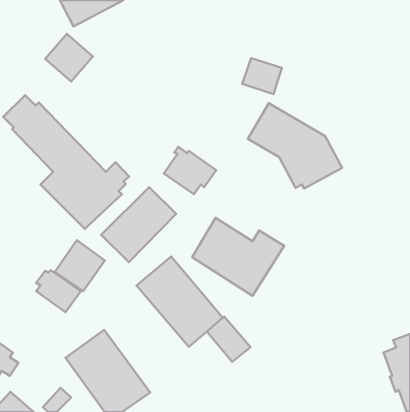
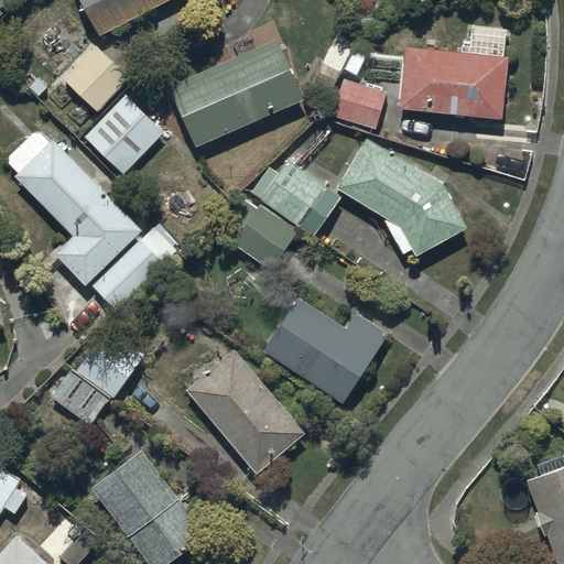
building: none -> [169,28,303,147]
building: none -> [401,48,508,119]
building: none -> [84,96,162,175]
building: none -> [251,162,340,236]
building: [101,187,176,262] -> none
building: [207,316,251,362] -> none

